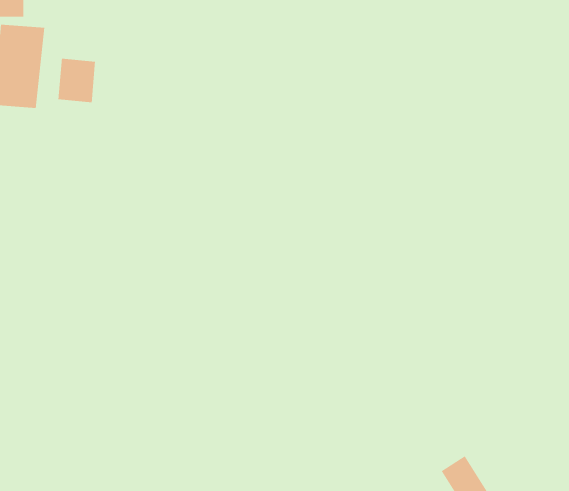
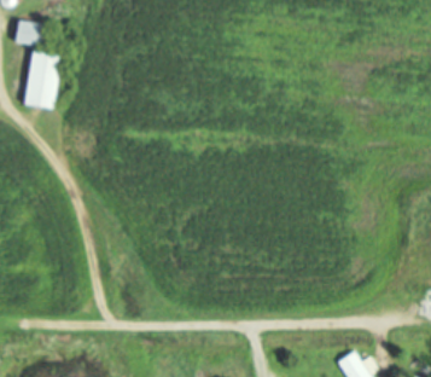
building: [58,58,96,103] -> none

